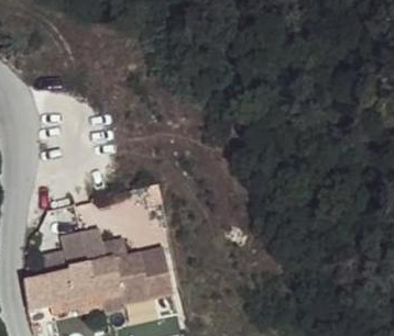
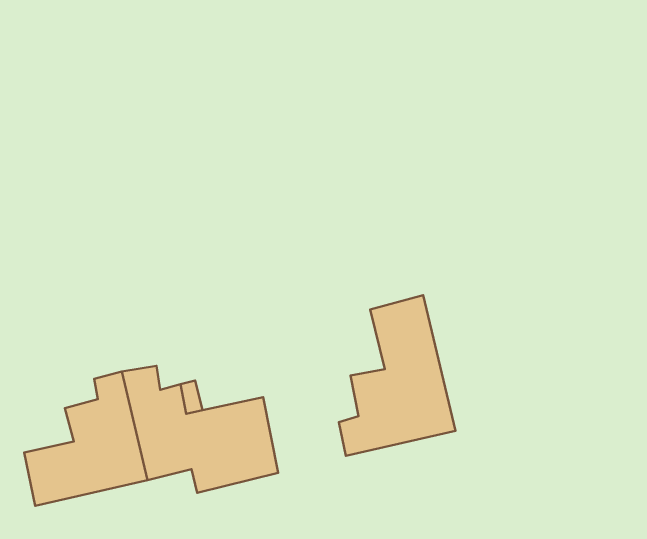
building: none -> [339,295,455,456]

